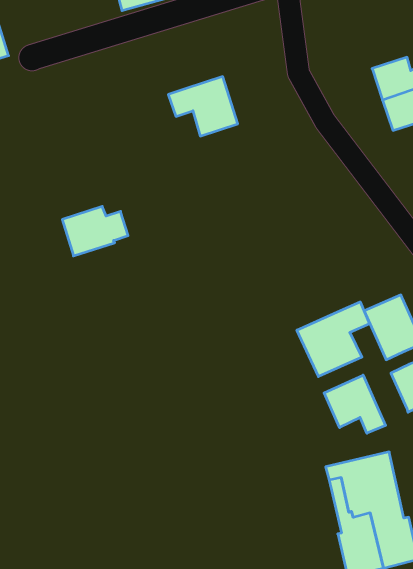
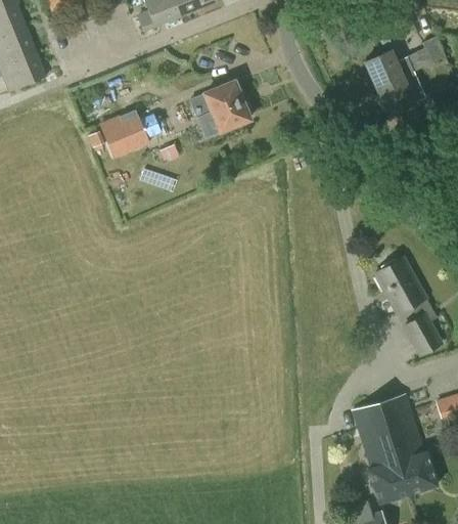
building: [62,206,128,256] -> [100,111,158,156]
building: [297,302,370,377] -> none
building: [324,375,386,433] -> none

